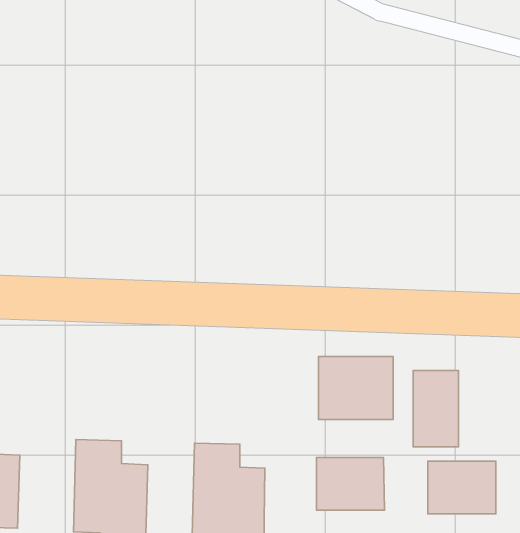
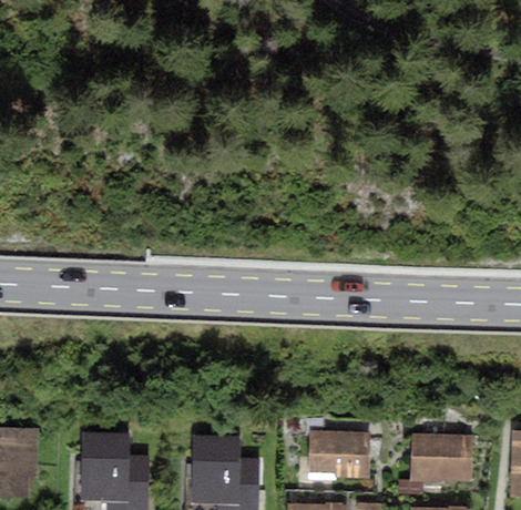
building: [319,356,393,419] -> none
building: [413,370,458,447] -> none

